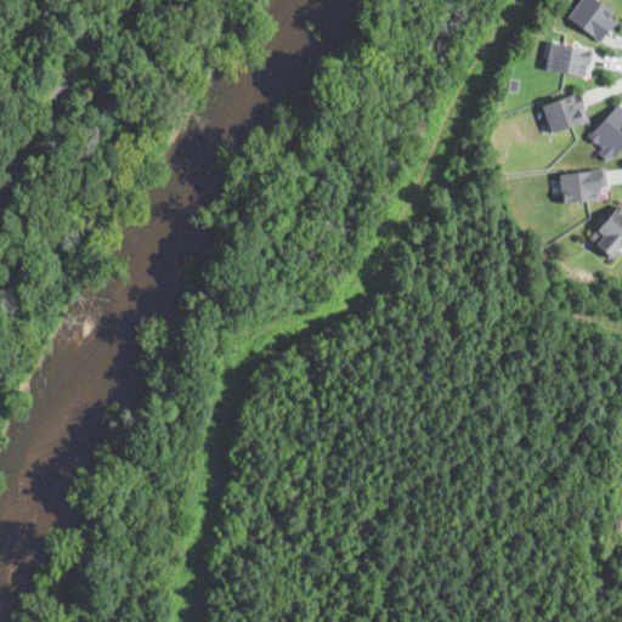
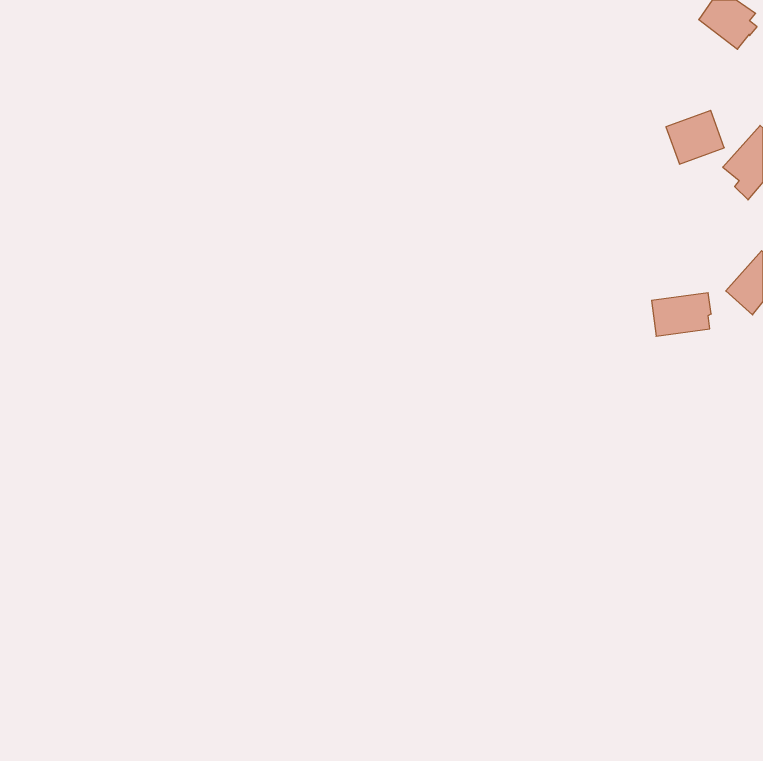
building: [547,40,594,78] -> none
building: [560,169,609,204] -> [652,293,711,336]

